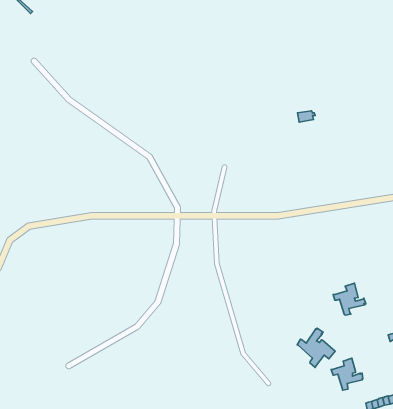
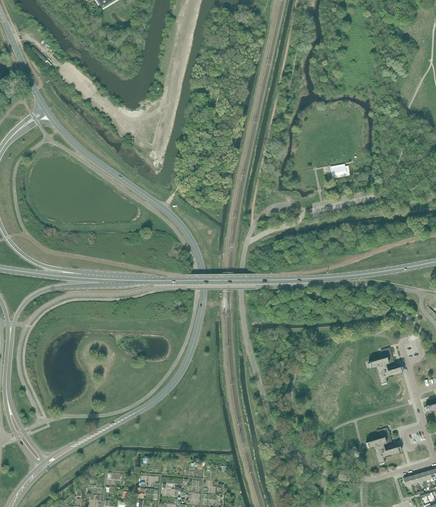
building: [297,328,335,368] -> none

